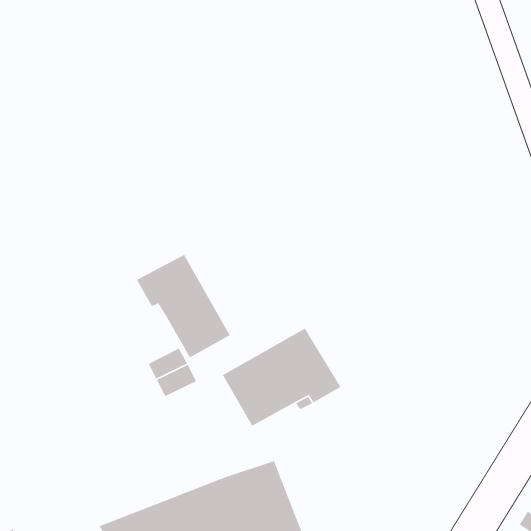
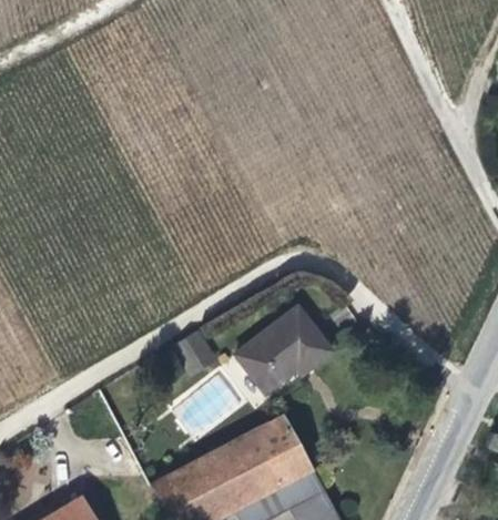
building: [136,254,231,358] -> none

